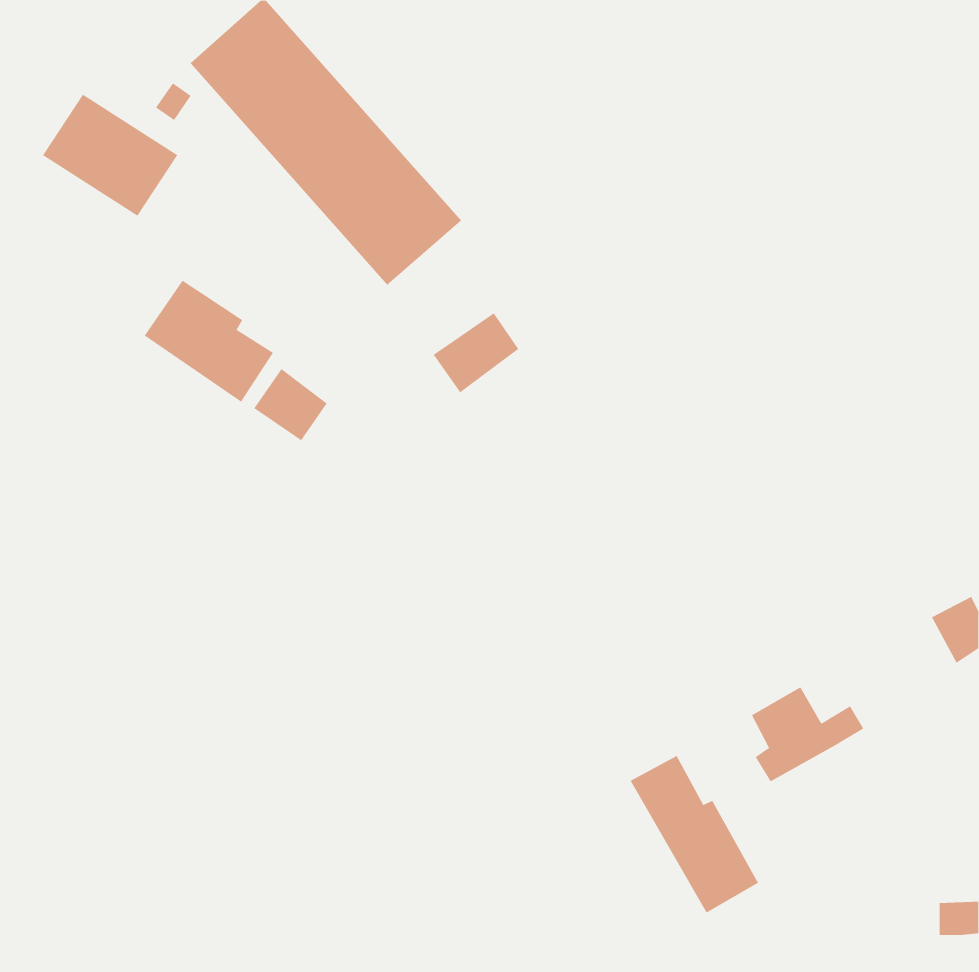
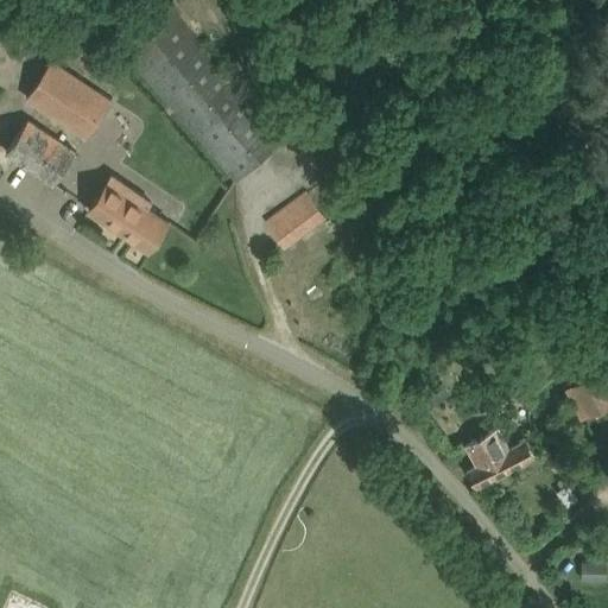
building: none -> [6,122,77,188]
building: [253,368,327,441] -> none
building: [630,755,759,913] -> none

